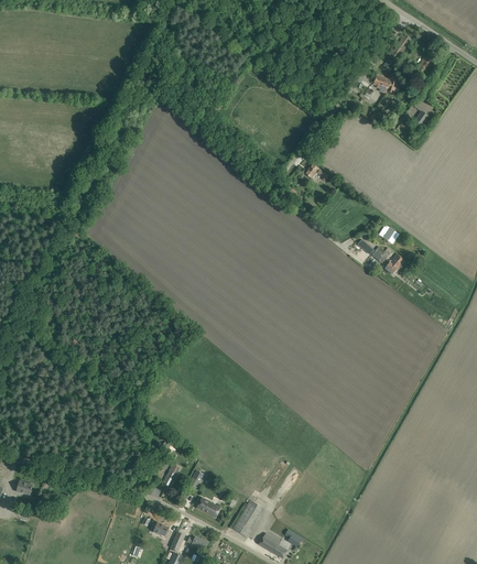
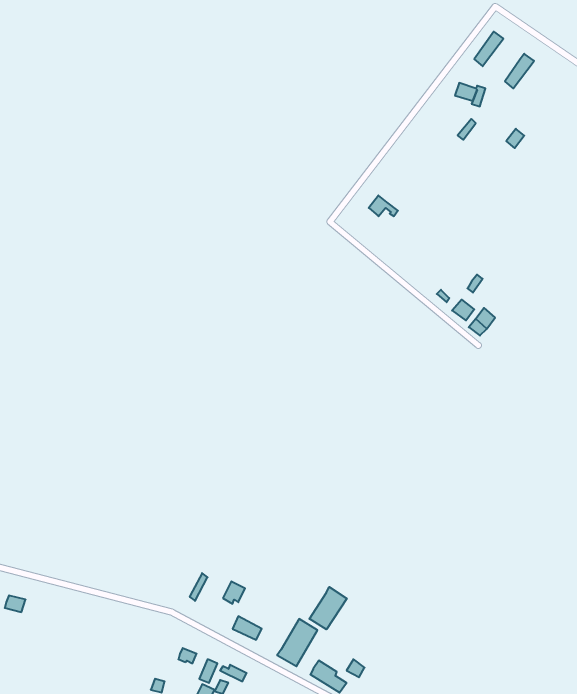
building: none -> [309,587,347,629]

